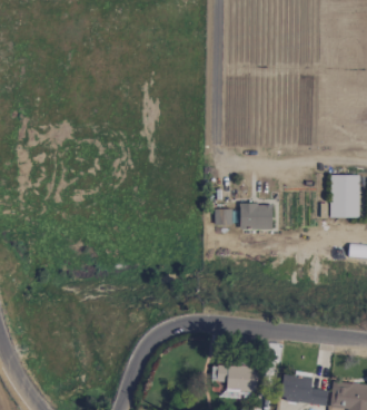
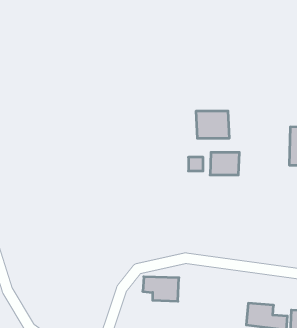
building: none -> [196,111,229,138]
building: [217,365,258,393] -> [143,277,179,301]

